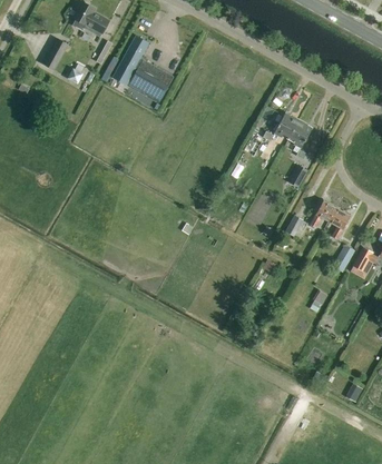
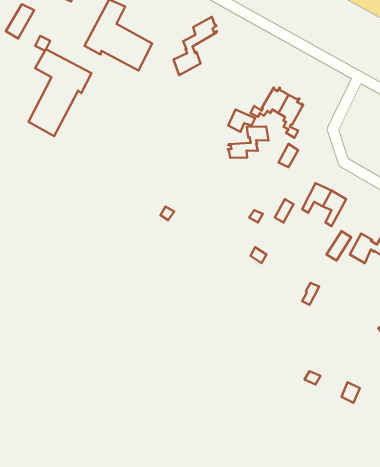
building: none -> [173,17,217,75]
building: none -> [29,49,91,136]
building: none -> [228,127,268,158]

